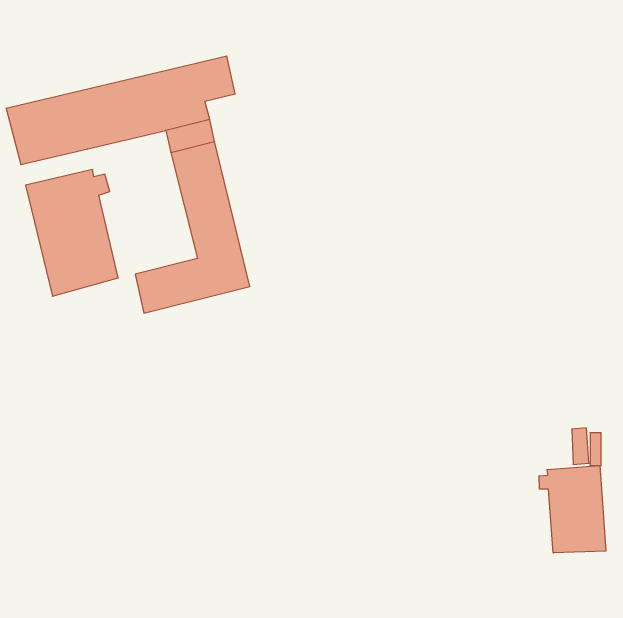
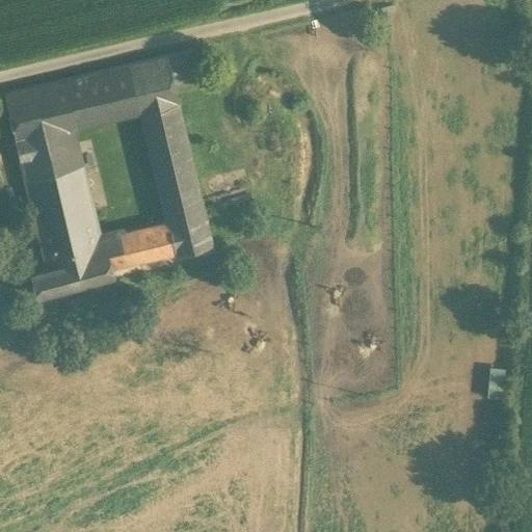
building: none -> [18,131,79,162]
building: none -> [33,238,123,299]
building: [539,466,606,553] -> none

